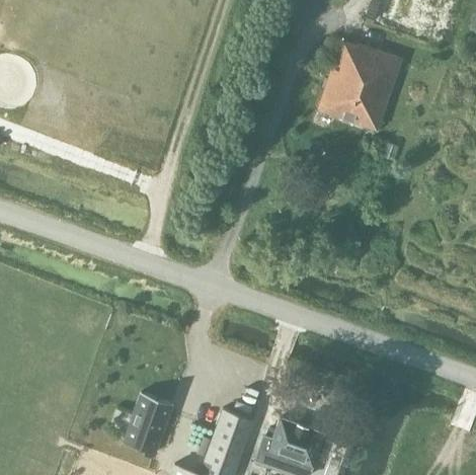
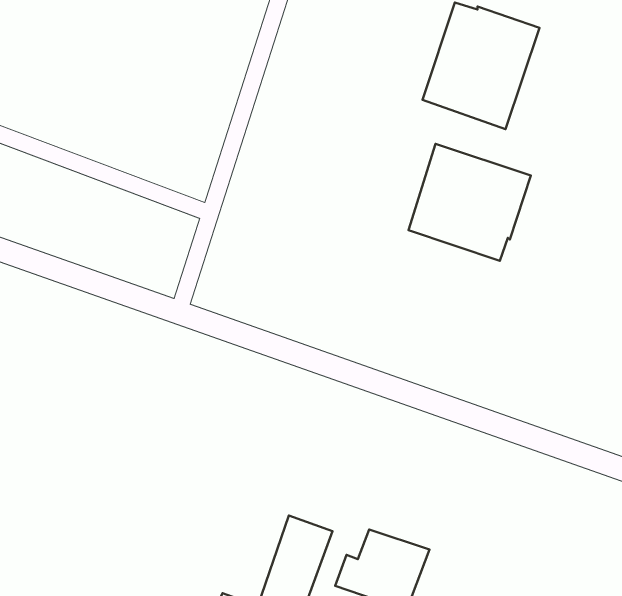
building: none -> [408,144,531,261]
building: [124,393,172,454] -> none

